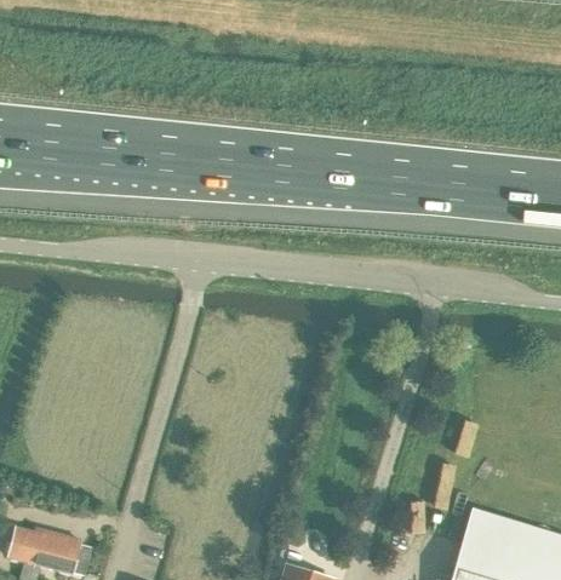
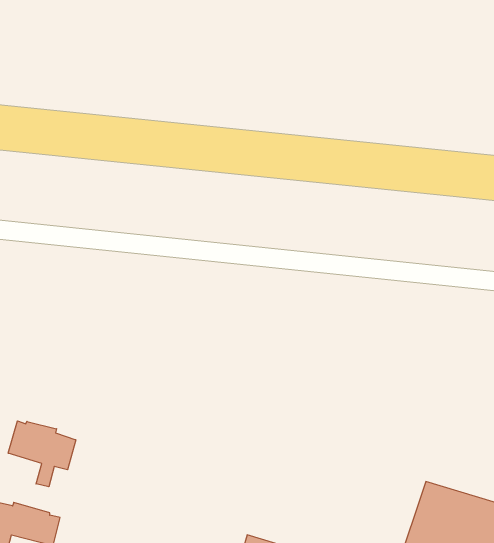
building: none -> [8,421,76,487]

